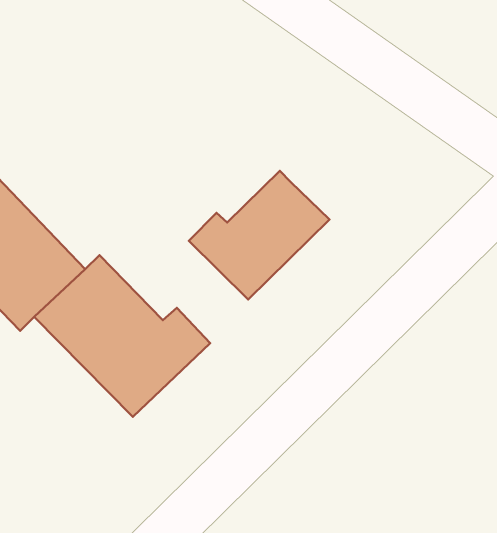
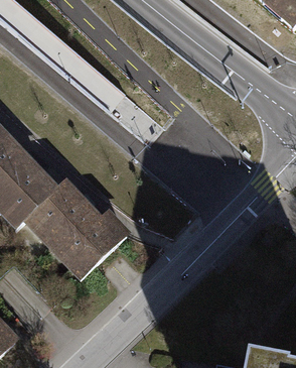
building: [189,171,330,299] -> none

